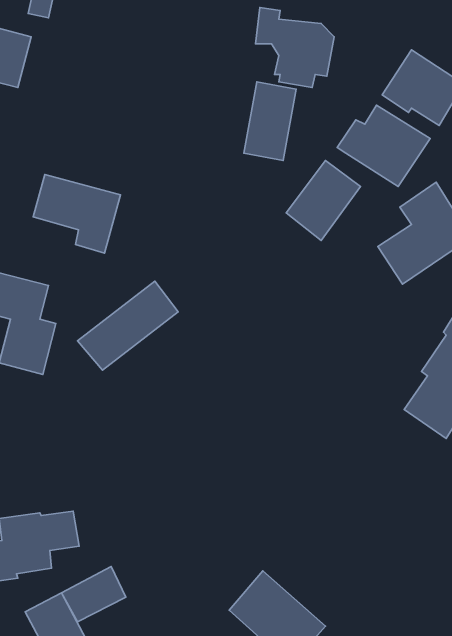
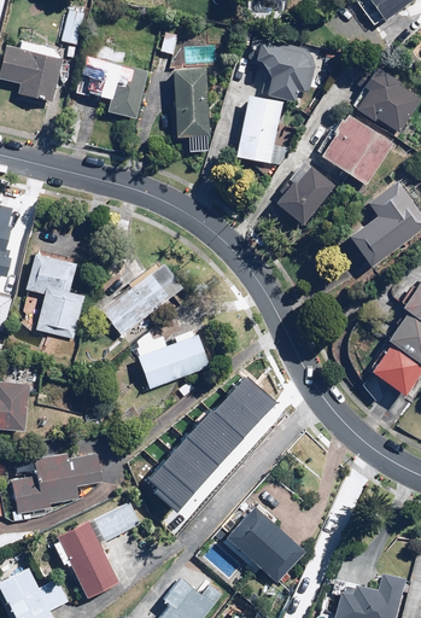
building: none -> [175,71,211,136]
building: [33,175,121,253] -> [76,56,148,121]
building: none -> [138,330,220,389]
building: none -> [145,373,265,507]

